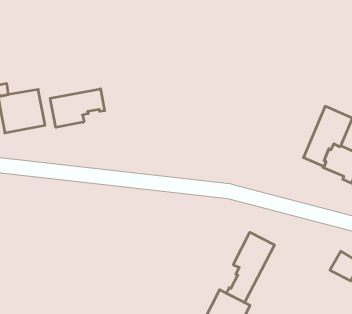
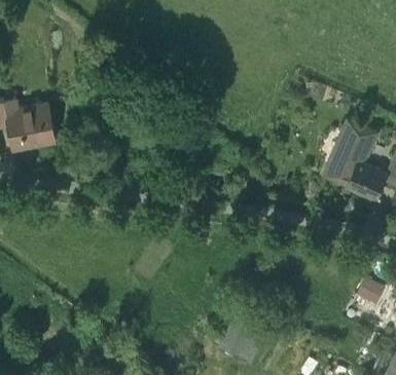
building: [50,89,105,127] -> none
building: [226,232,274,303] -> none

